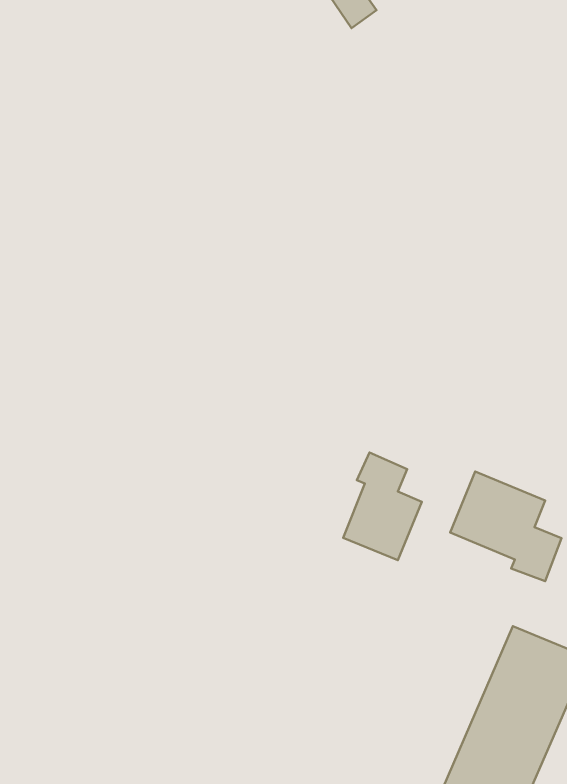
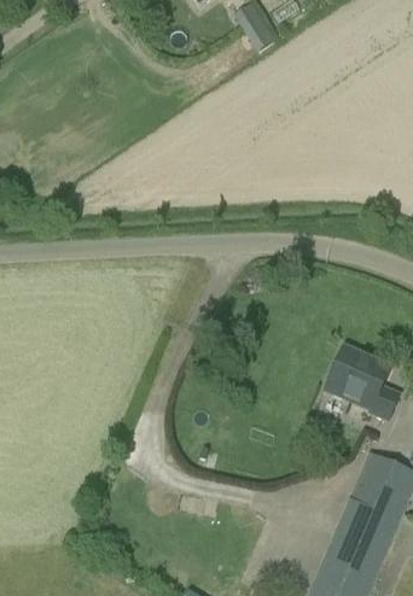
building: [343,452,422,560] -> none

